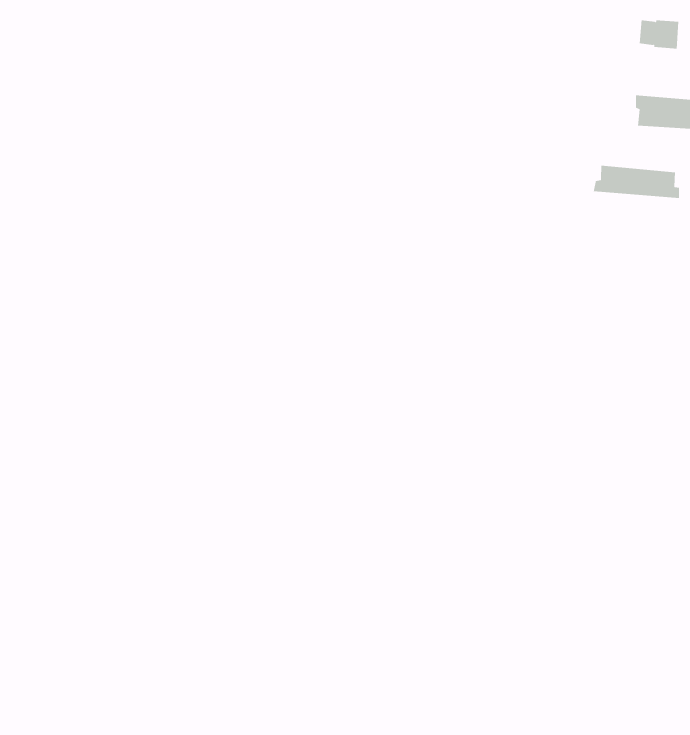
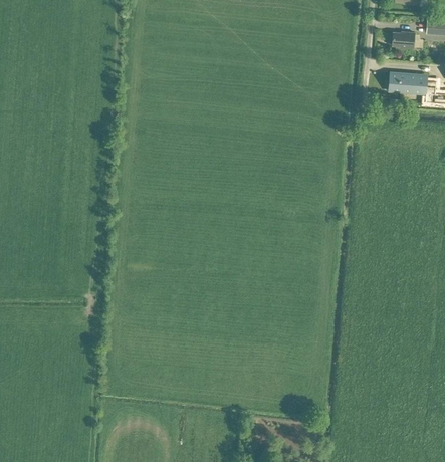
building: [593,165,680,199] -> none

